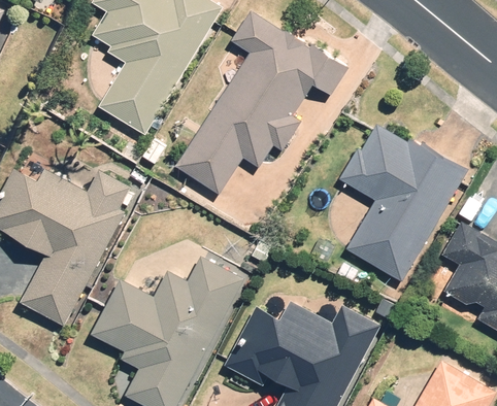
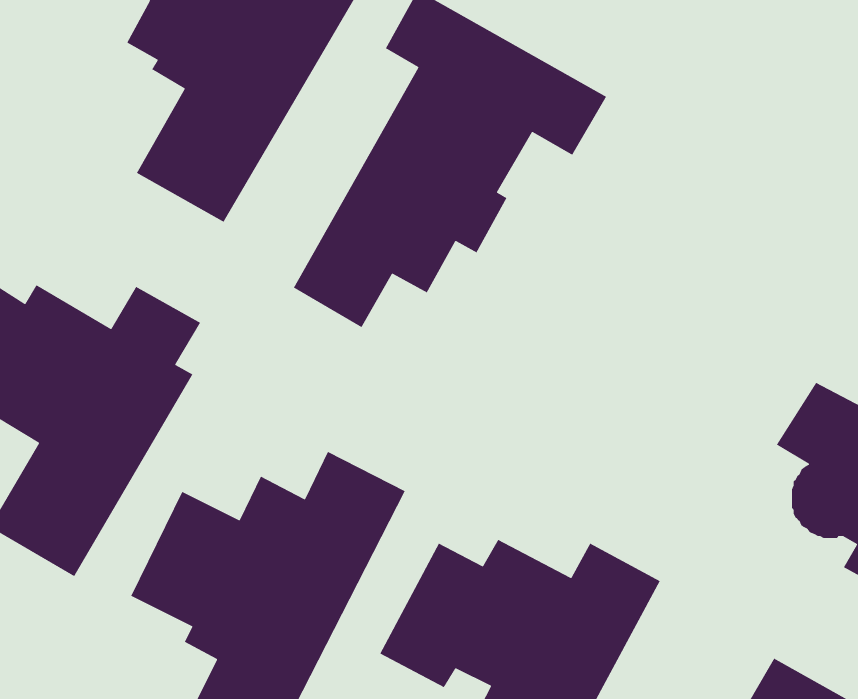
building: [339,125,467,283] -> none

